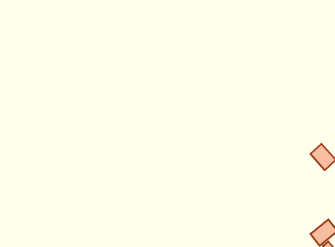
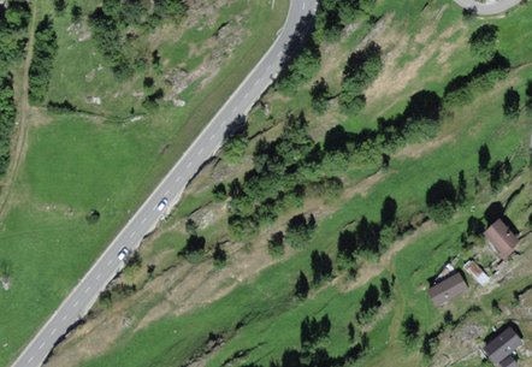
building: none -> [430,272,469,306]

